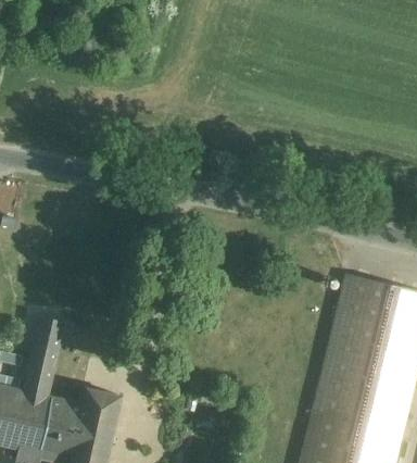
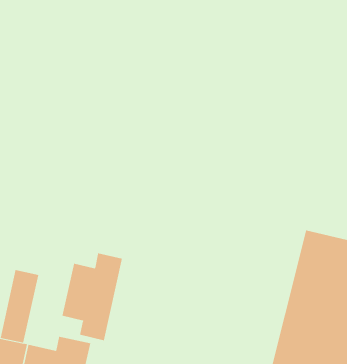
building: none -> [62,252,123,341]

